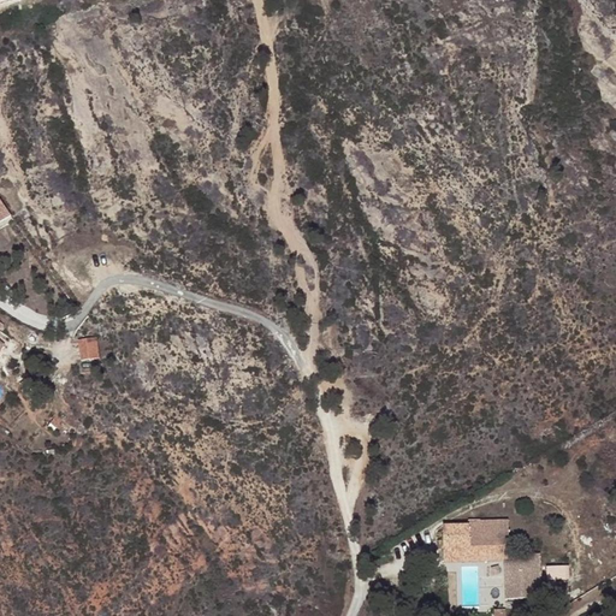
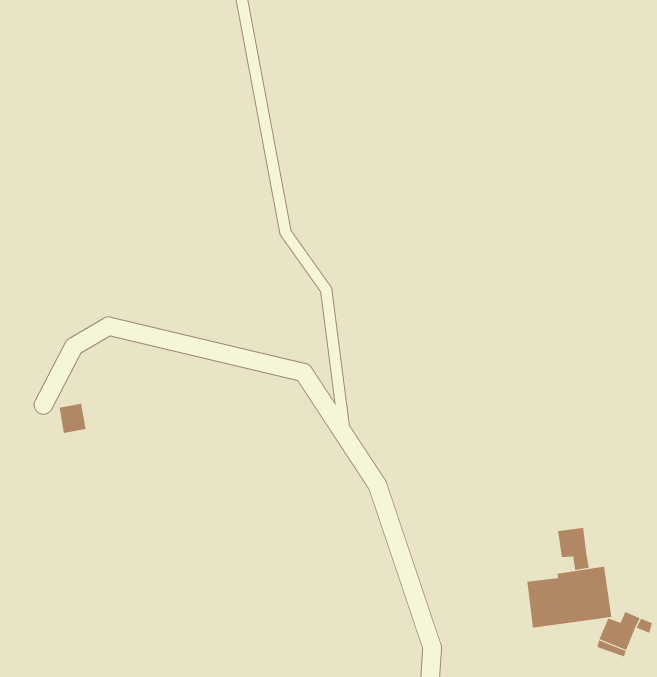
building: none -> [557,527,590,571]

